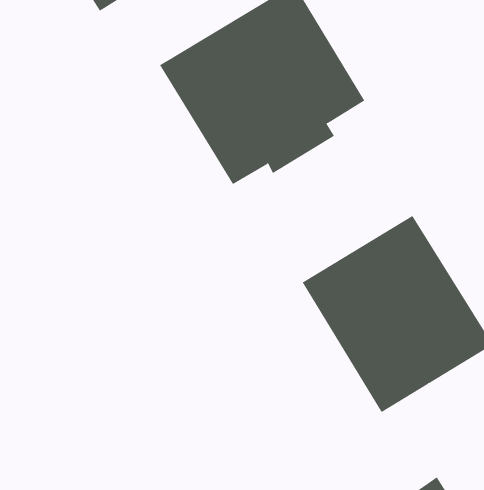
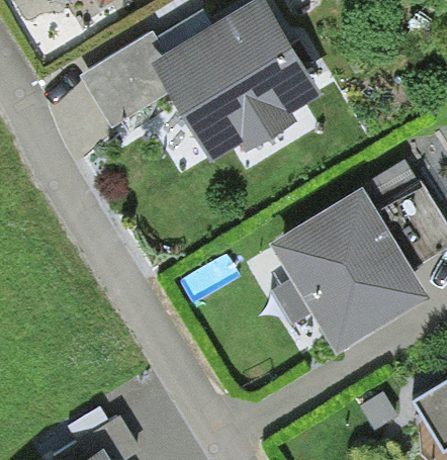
building: none -> [78,37,172,133]

